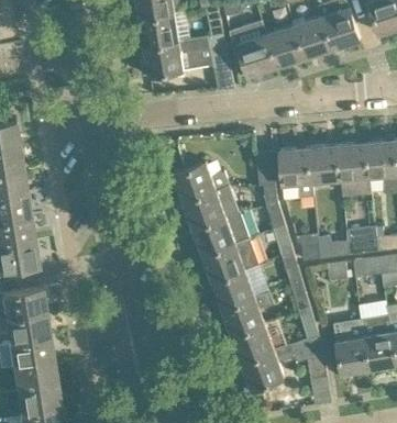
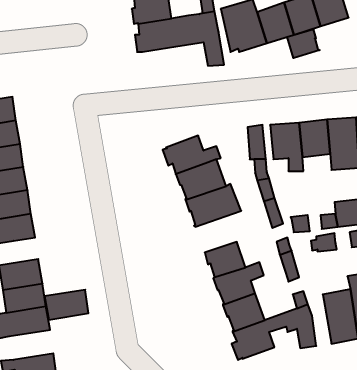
building: none -> [287,29,320,58]
building: [203,238,261,281] -> none
building: [13,360,58,391] -> [44,290,88,320]

